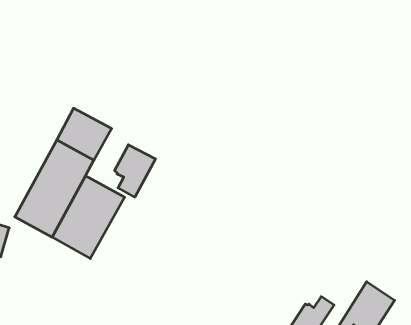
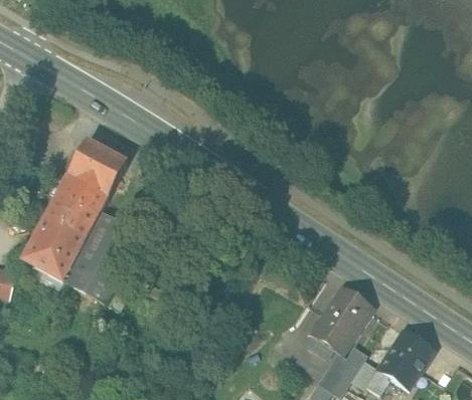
building: [115,145,155,197] -> none
building: none -> [307,284,372,354]

